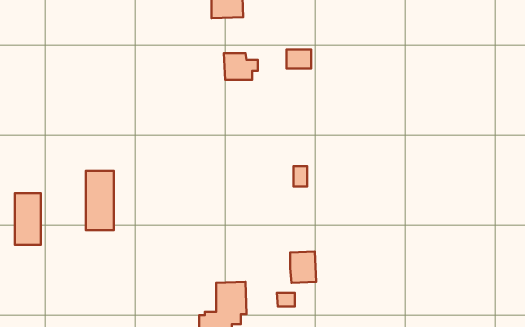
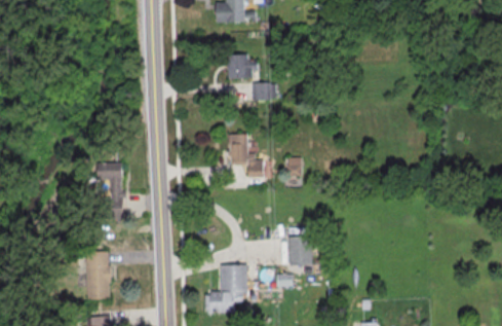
building: [286,49,311,68] -> [255,82,277,100]
building: none -> [227,133,262,177]
building: [15,193,41,245] -> [88,252,112,299]

